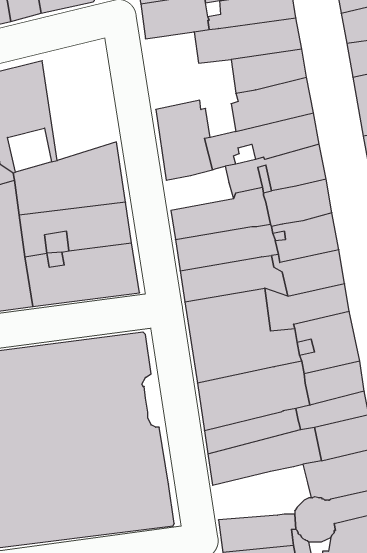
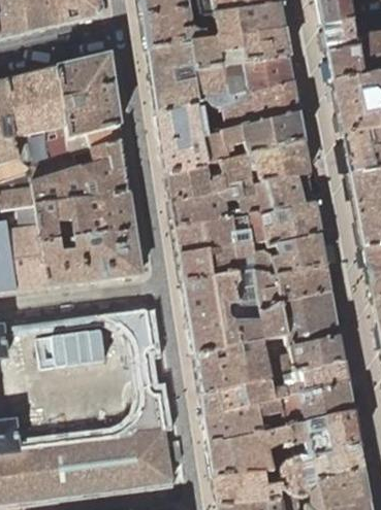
building: none -> [149,42,231,111]
building: none -> [57,56,123,157]
building: none -> [167,162,227,201]
building: none -> [209,427,296,476]

